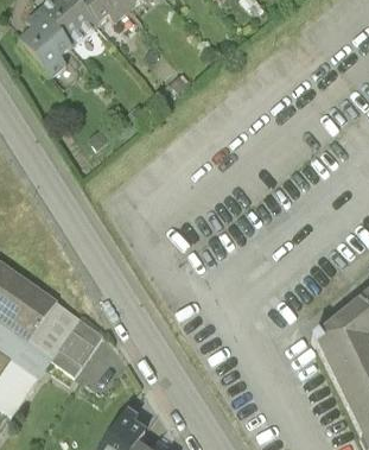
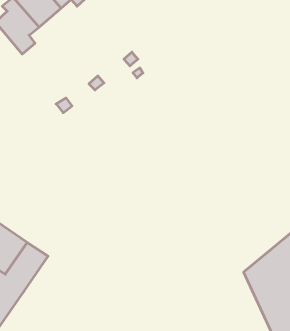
building: [51,318,102,375] -> none

